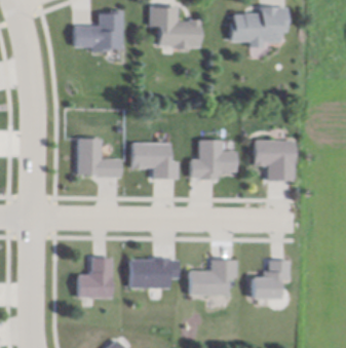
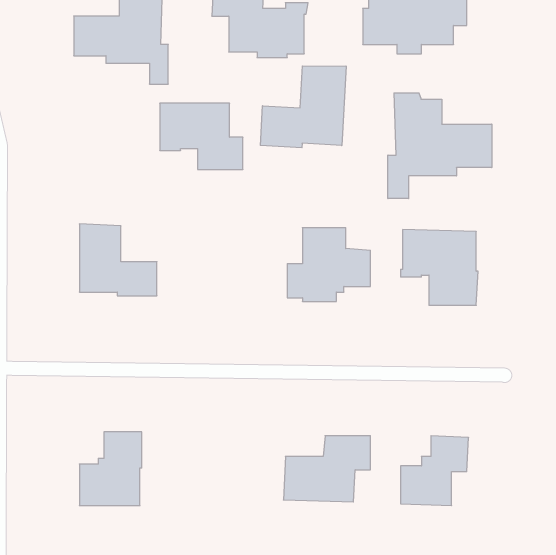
building: none -> [260,66,346,148]
building: none -> [388,93,492,199]
building: [132,146,178,182] -> [160,103,243,169]
building: [129,254,179,284] -> none

